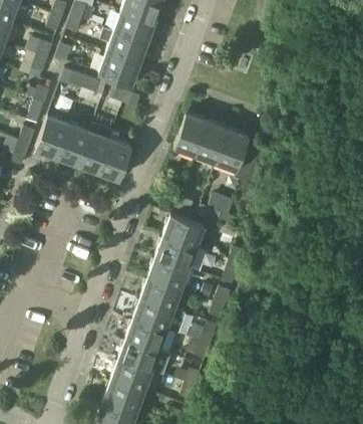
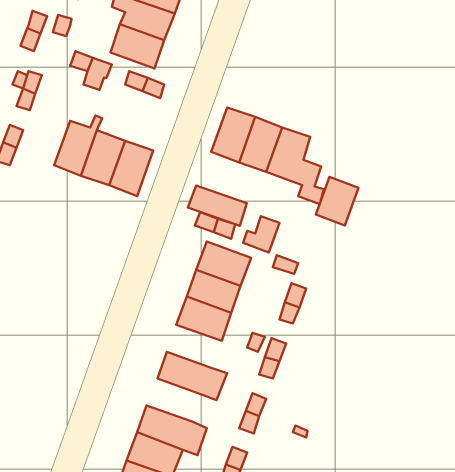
building: [36,116,69,157] -> none
building: none -> [316,177,358,226]
building: none -> [188,186,247,226]
building: [141,276,183,308] -> none
building: [126,316,167,349] -> none

